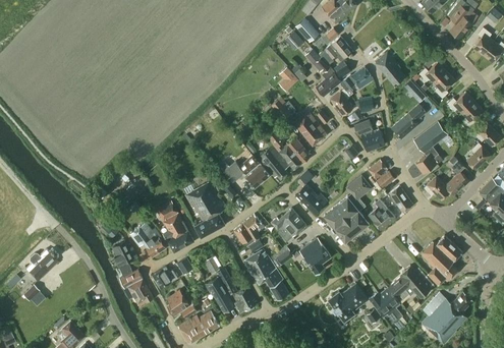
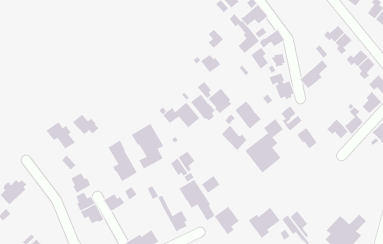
building: [375,52,405,85] -> none
building: [294,112,327,147] -> [235,101,261,129]
building: [413,121,448,174] -> none
building: [368,199,395,230] -> none
building: [271,208,306,241] -> none
building: [129,223,166,256] -> [46,122,76,149]
building: [421,235,462,286] -> none
building: [299,238,331,274] -> [214,206,240,235]
building: [388,266,430,298] -> none
building: [206,278,234,311] -> none
building: [167,291,197,318] -> none

